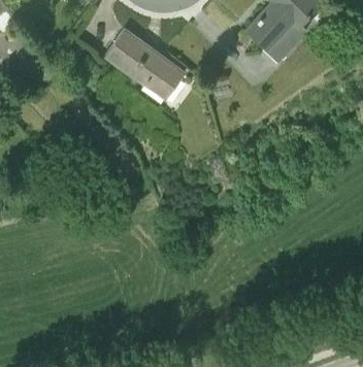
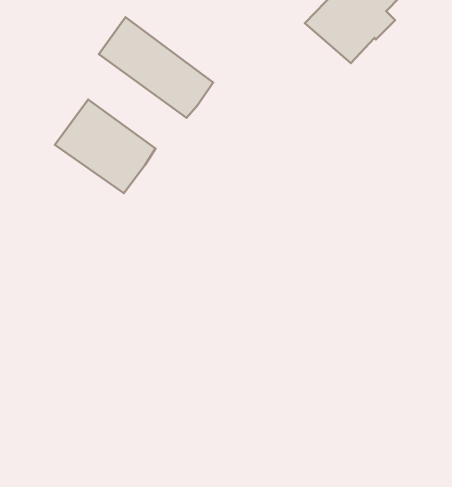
building: none -> [55,99,156,193]

